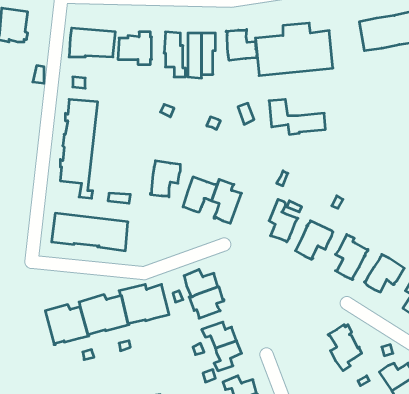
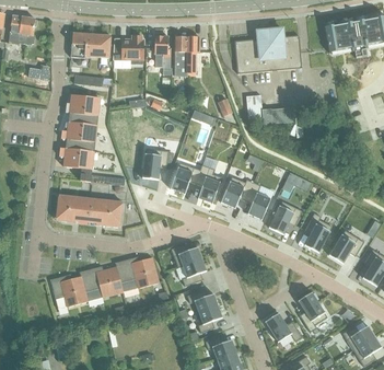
building: [226,29,257,60] -> none
building: none -> [220,176,253,208]
building: none -> [264,312,301,342]

